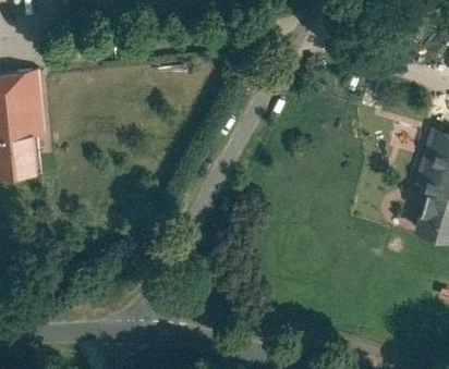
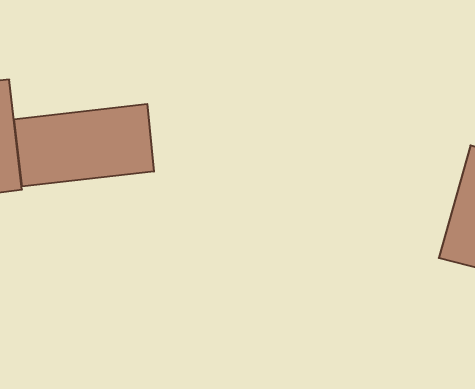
building: none -> [14,104,154,186]

